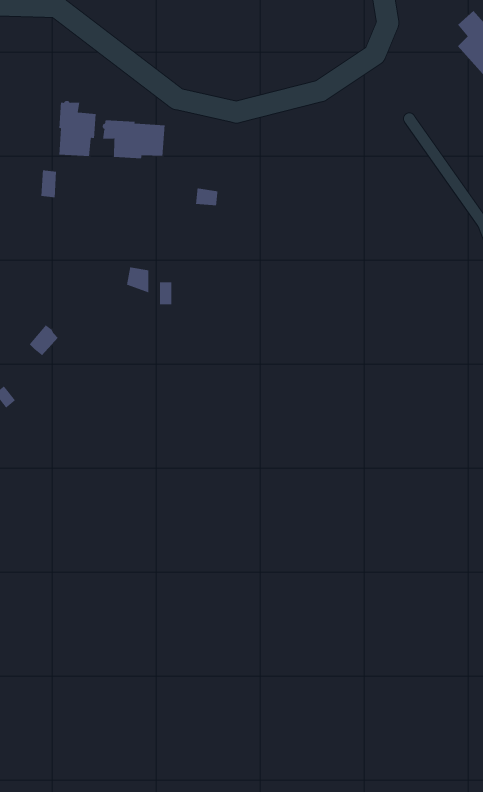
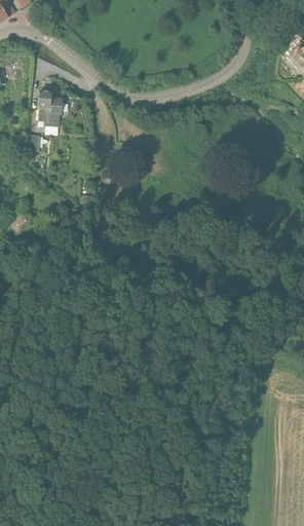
building: [102,119,165,159] -> none

